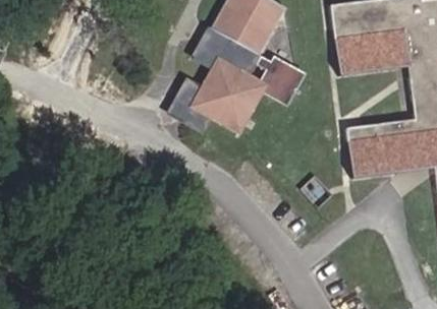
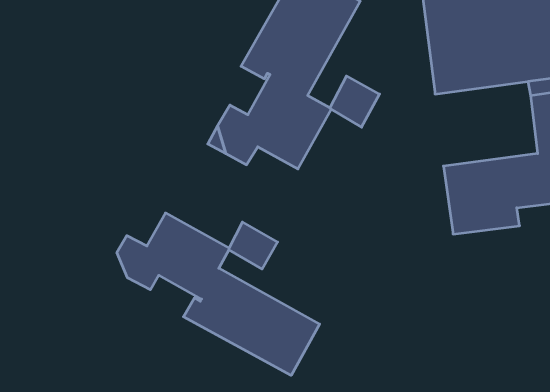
building: none -> [117,213,320,375]

